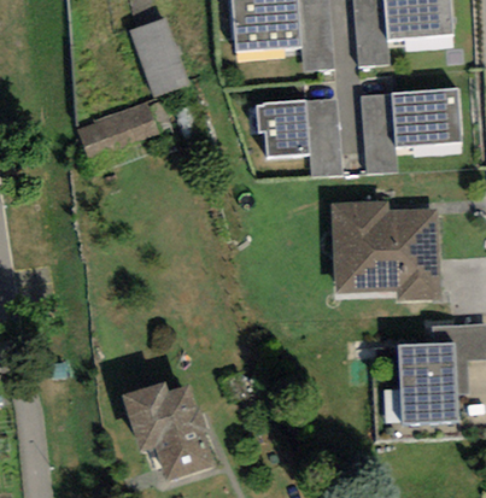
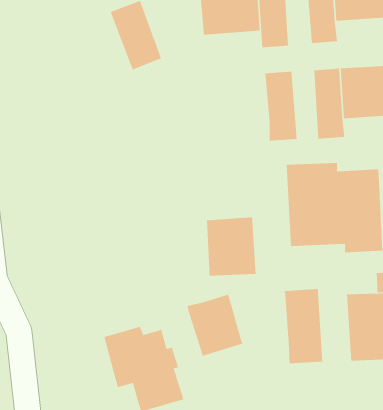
building: [75,94,163,160] -> none
building: [256,98,310,157] -> none
building: none -> [206,217,256,276]
building: none -> [284,288,323,364]
building: none -> [187,294,243,357]

